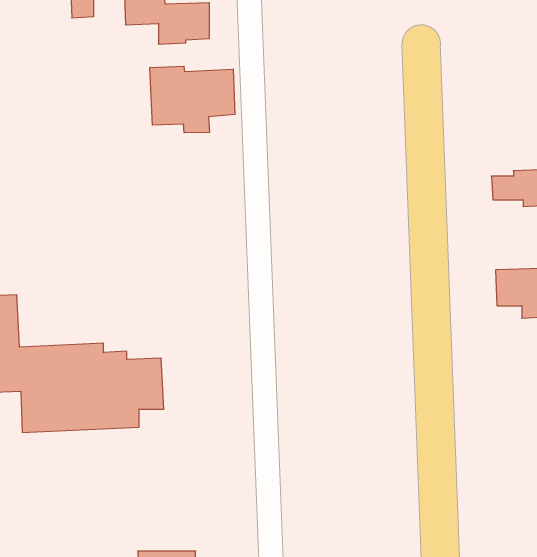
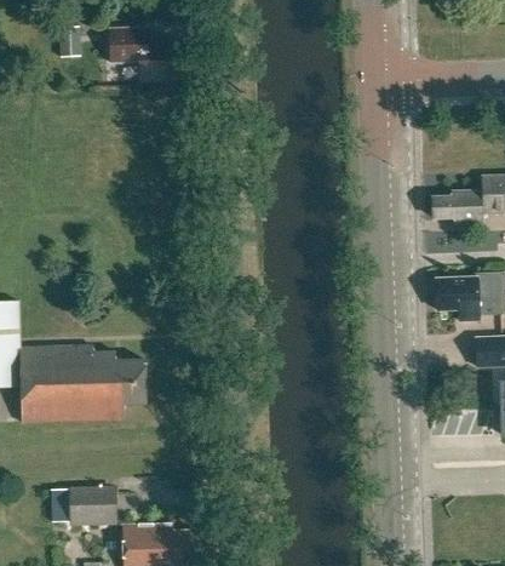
building: [150,66,235,133] -> none
building: none -> [53,488,116,522]

